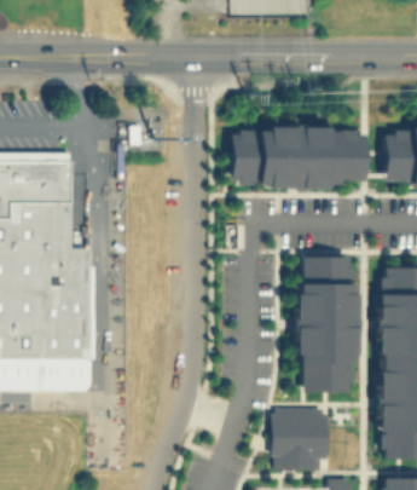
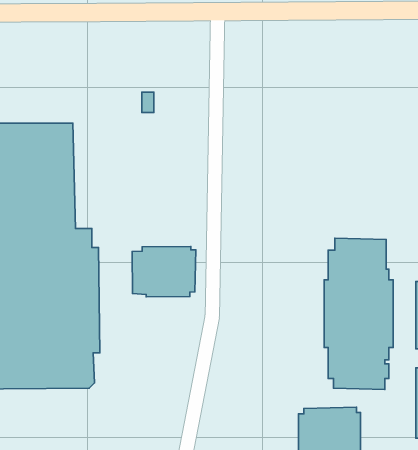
building: [231,126,366,189] -> none
building: none -> [132,247,196,297]

